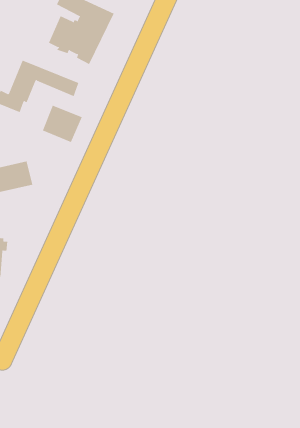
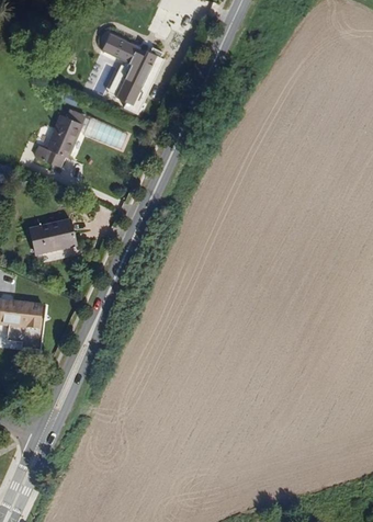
building: [42,105,82,143] -> none

